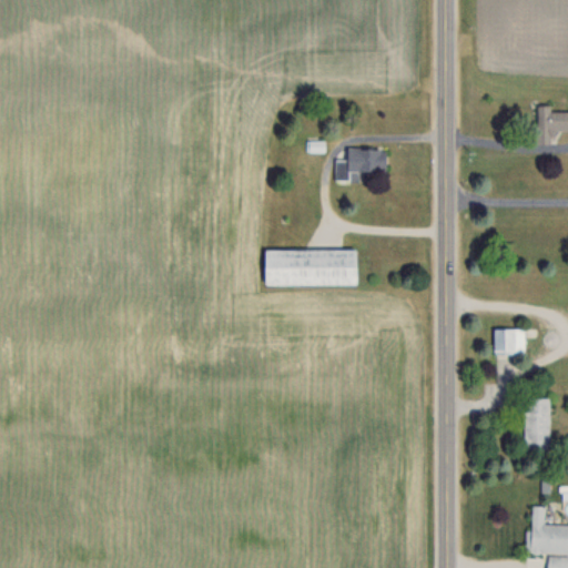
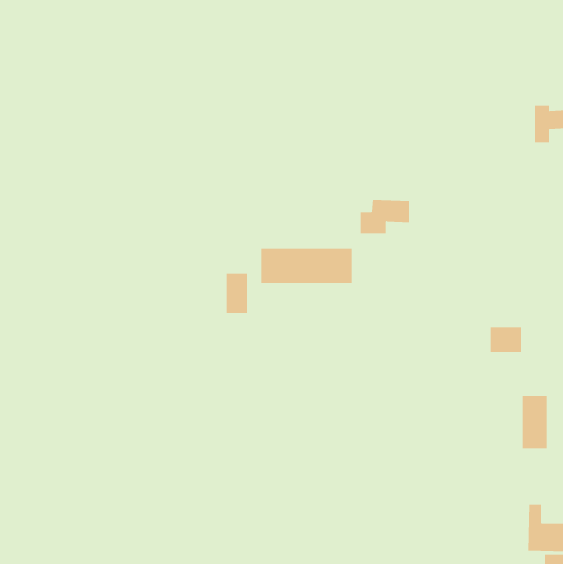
building: [336,149,386,183] -> [360,200,410,234]
building: none -> [226,273,248,314]

